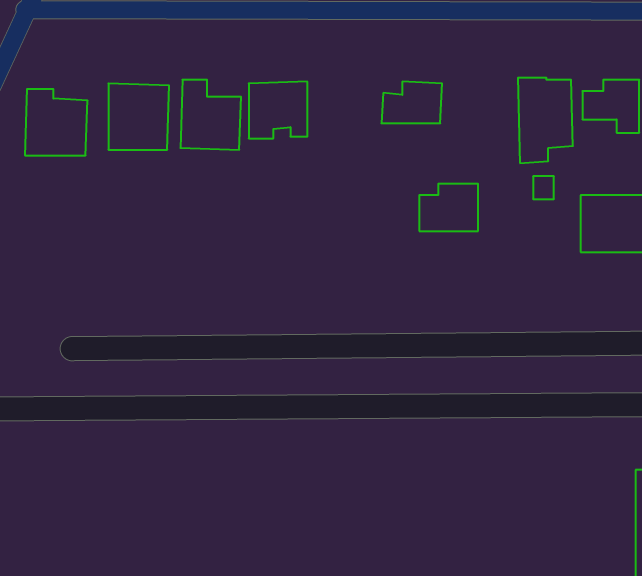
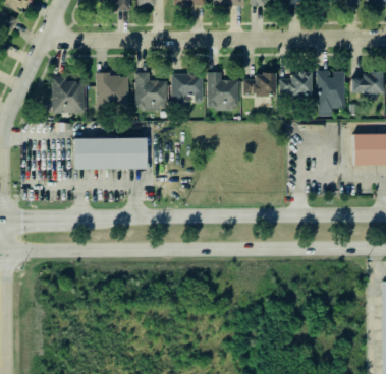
building: none -> [208,72,239,110]
building: [419,184,478,231] -> [280,73,312,99]
building: none -> [72,138,144,170]

